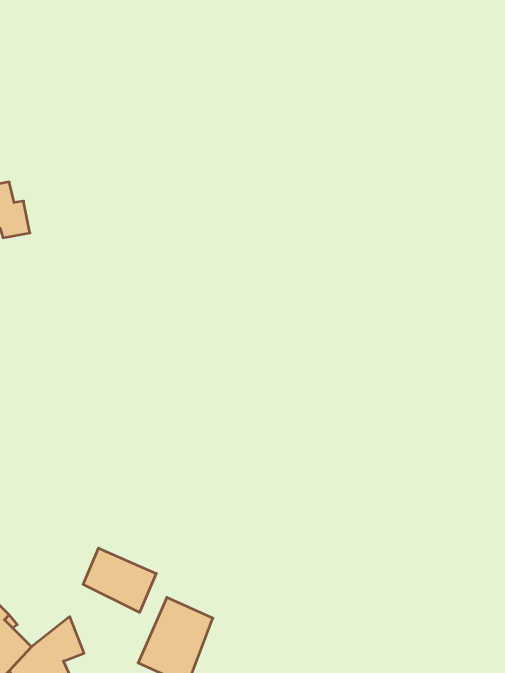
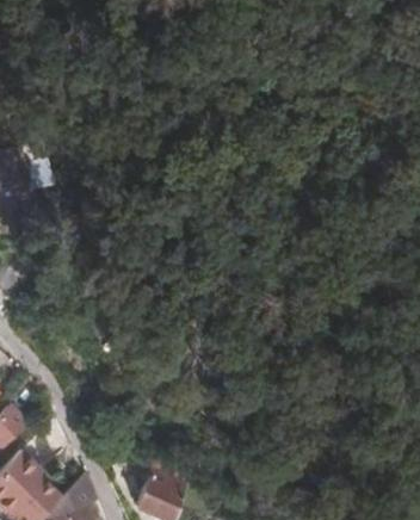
building: [83,548,156,612] -> none

